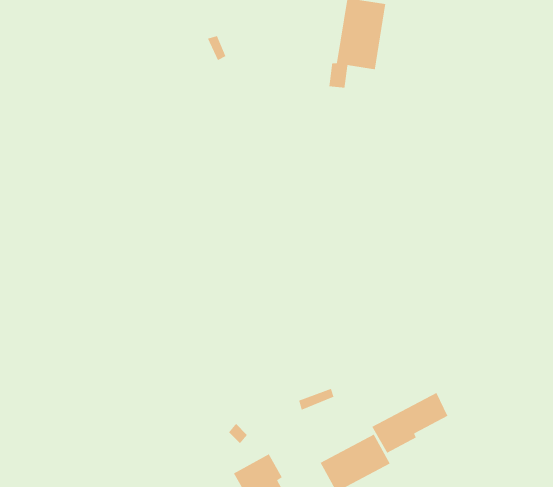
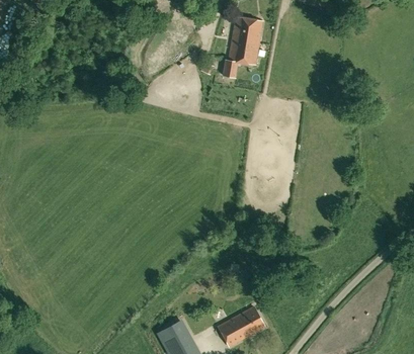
building: [371,392,448,454] -> none

